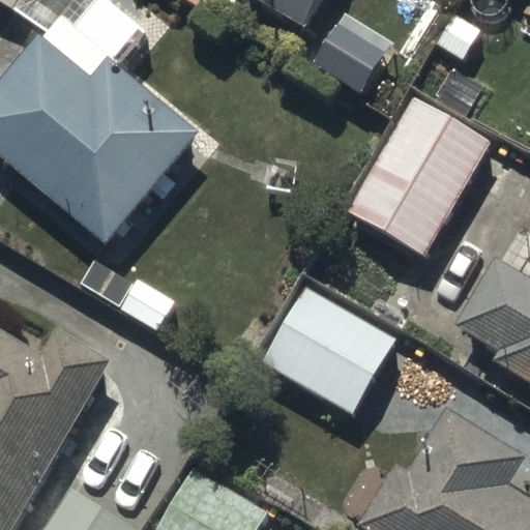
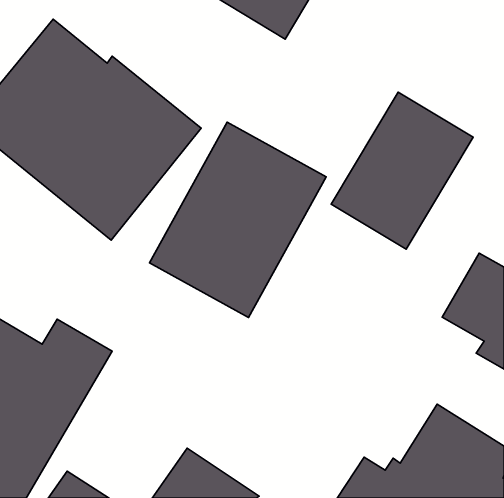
building: none -> [149,122,326,318]
building: [255,284,398,420] -> none

